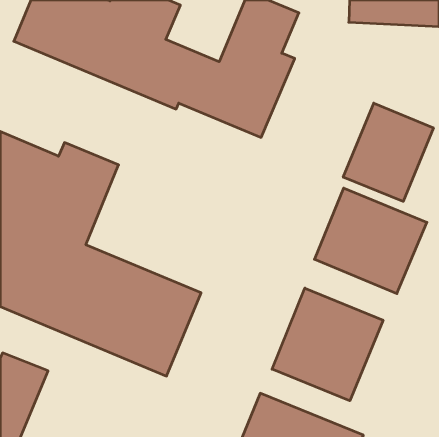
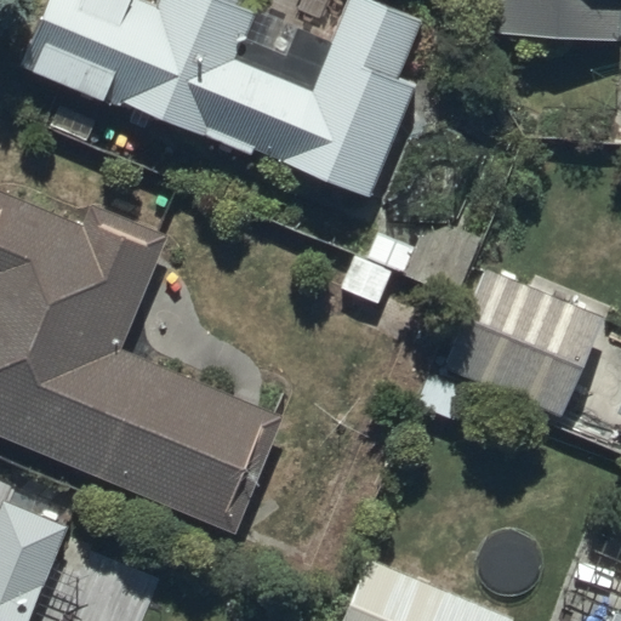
building: [343,103,433,201] -> none
building: [272,288,383,401] -> none

